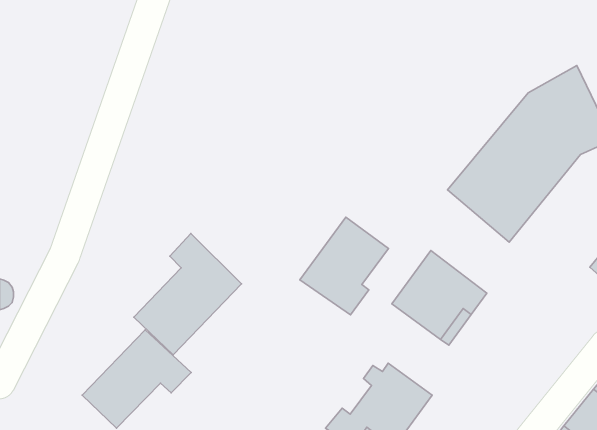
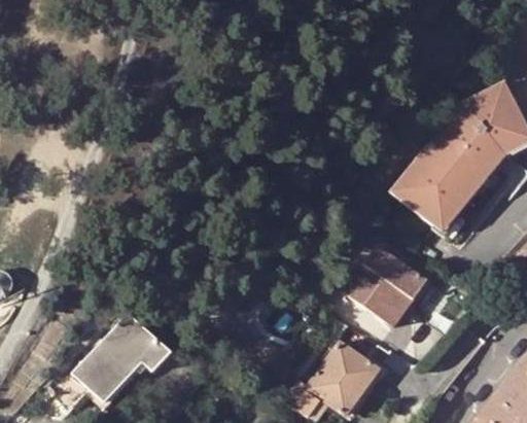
building: [300,217,388,315] -> none
building: [134,233,241,355] -> none

